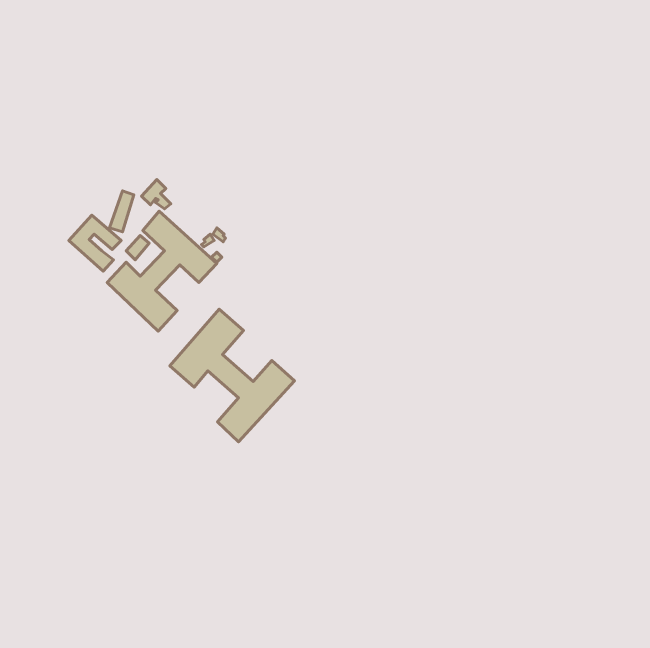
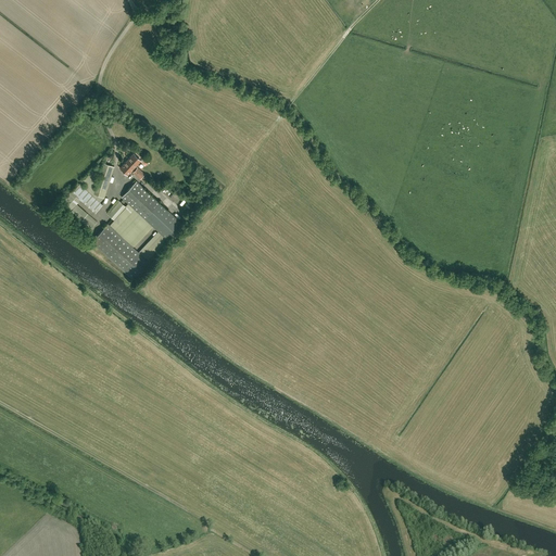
building: [170,309,294,442] -> none

